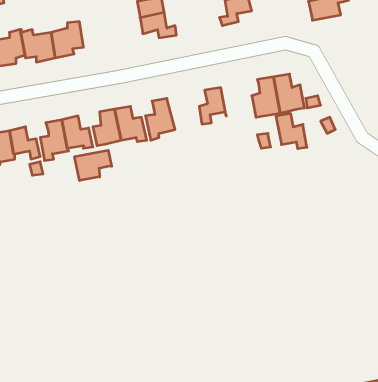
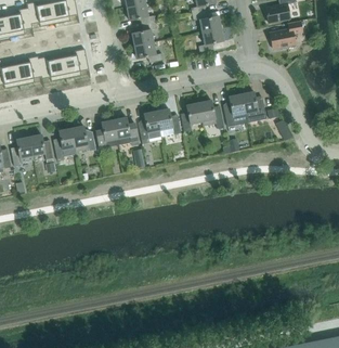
building: none -> [156,108,181,136]
building: [276,114,307,149] -> [199,100,224,128]
building: [75,150,112,181] -> none

